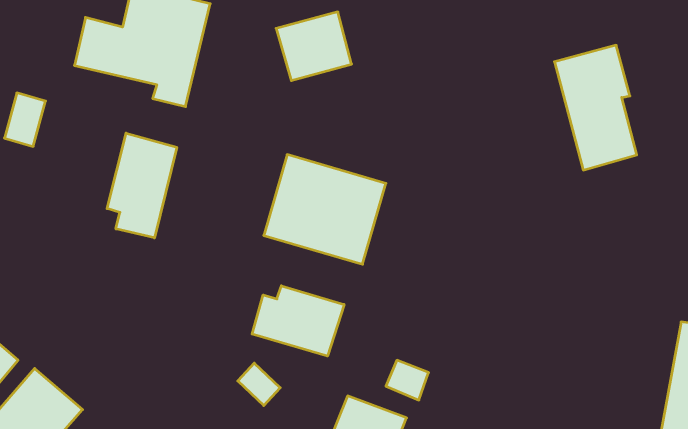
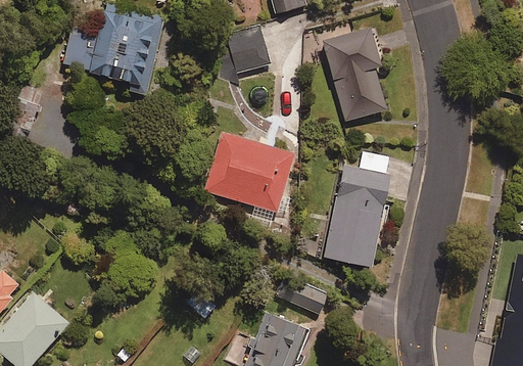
building: [554,45,637,170] -> [325,28,386,121]
building: [107,133,177,238] -> none
building: none -> [325,153,394,267]
building: [252,286,344,356] -> none

